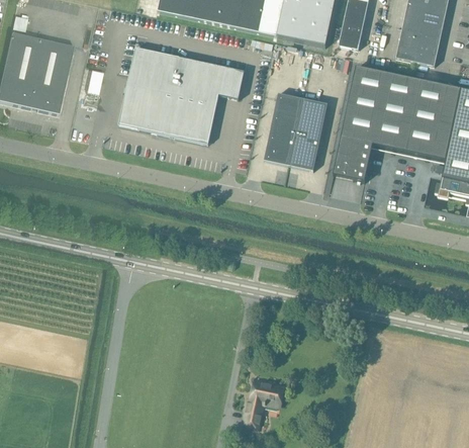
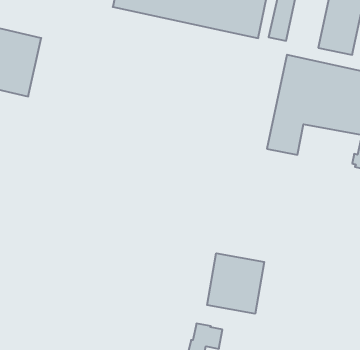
building: [118,47,243,144] -> none
building: [264,92,329,170] -> none
building: none -> [207,253,264,314]

